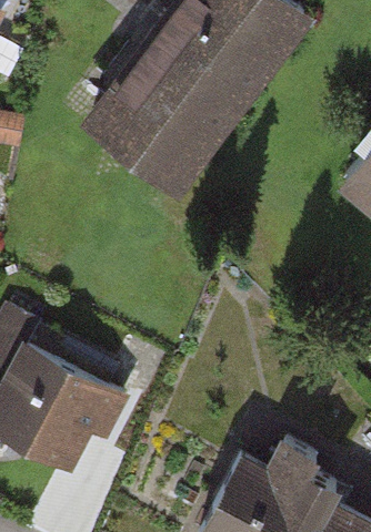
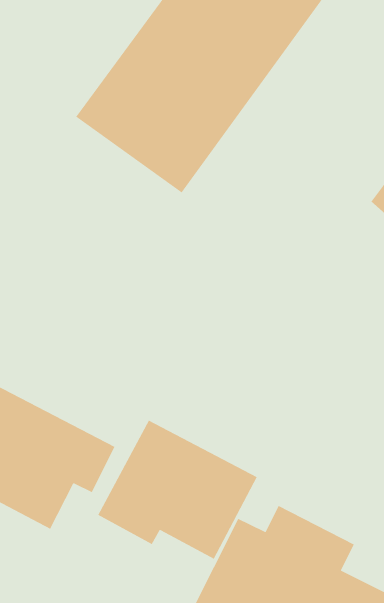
building: none -> [97,420,258,560]

